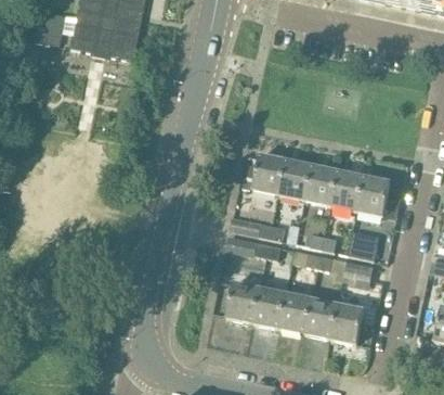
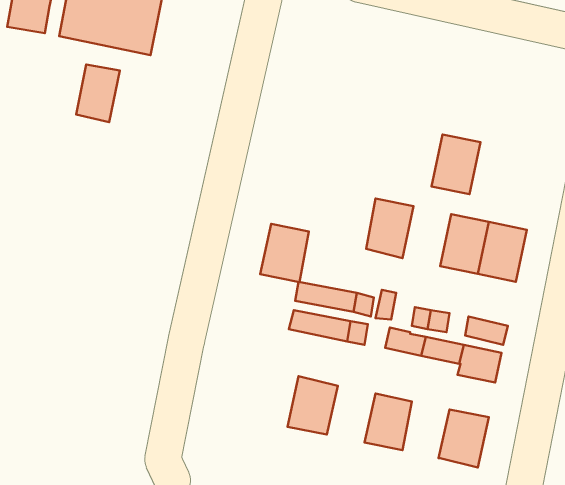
building: none -> [76,64,120,122]
building: [253,153,287,193] -> [260,224,309,282]
building: [305,164,339,205] -> [432,134,480,194]
building: [253,288,287,327] -> none
building: [305,298,338,337] -> none

